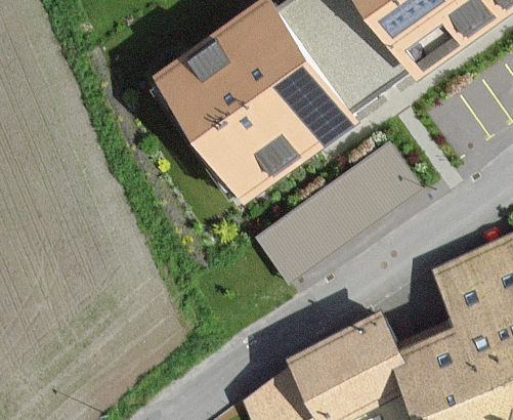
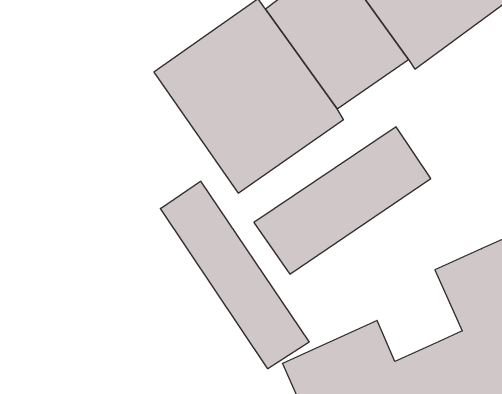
building: none -> [160,181,309,369]

